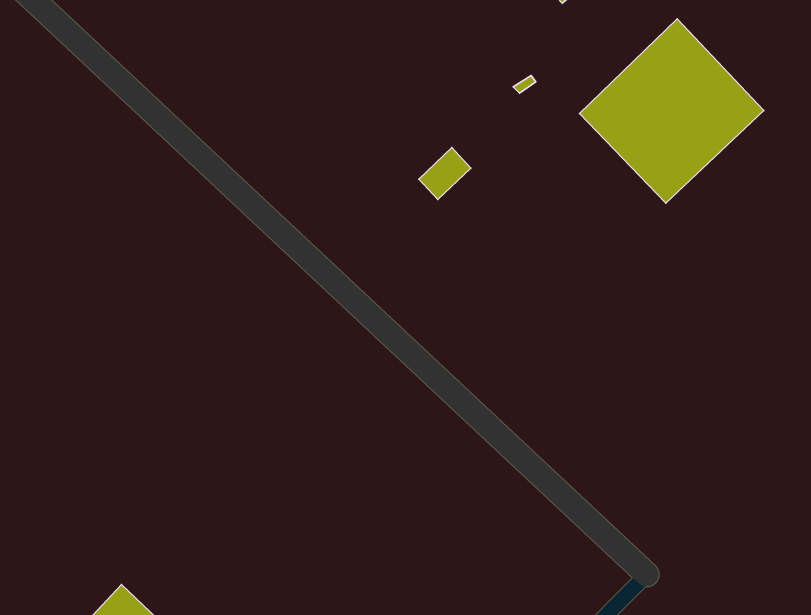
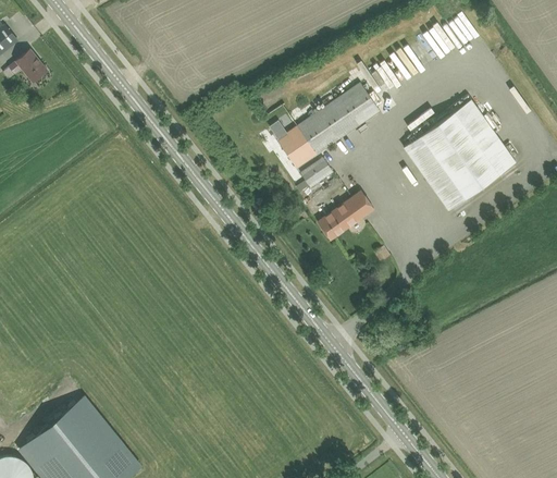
building: none -> [277,83,380,169]
building: none -> [318,192,373,241]

